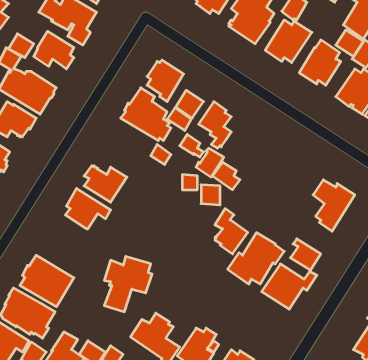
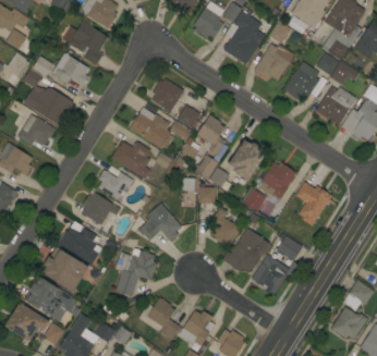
building: none -> [228,139,266,181]
building: none -> [111,142,150,179]
building: none -> [242,162,296,212]
building: none -> [135,202,181,242]
building: none -> [57,226,98,265]

